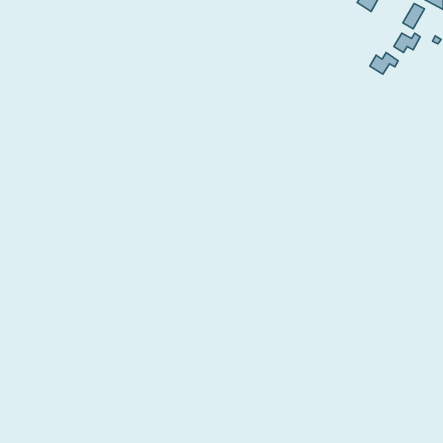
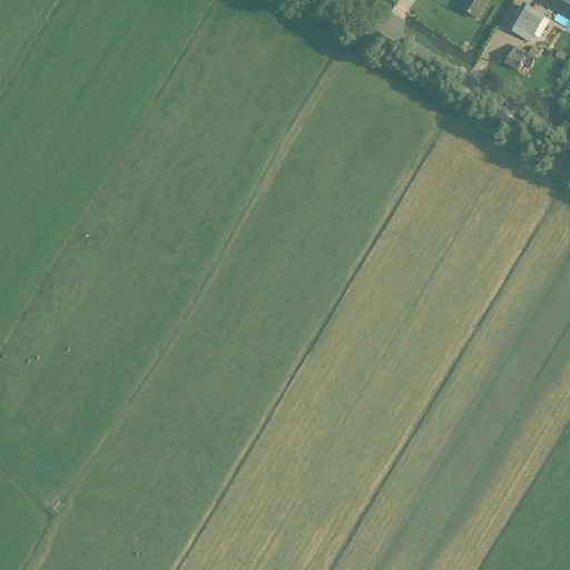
building: [370,52,398,74] -> none

